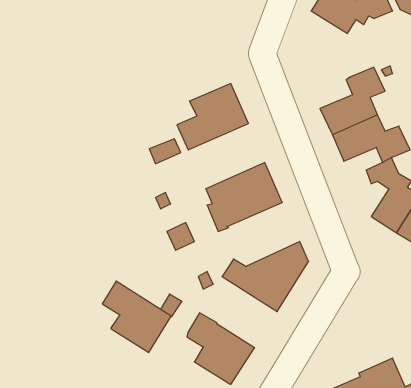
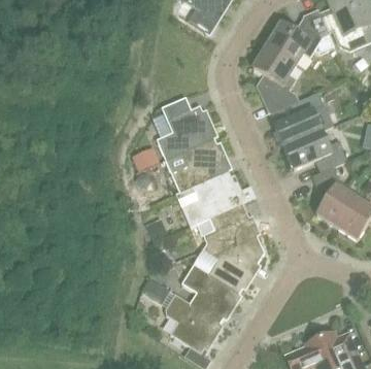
building: none -> [252,44,298,110]
building: none -> [165,137,228,191]
building: none -> [197,202,257,255]
building: [102,281,171,353] -> [181,263,238,322]

